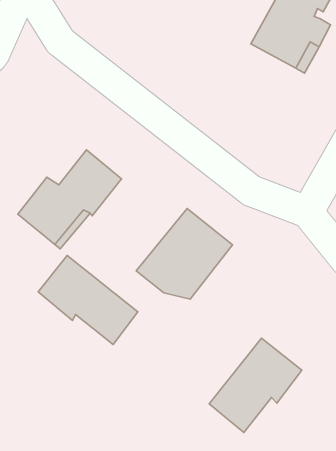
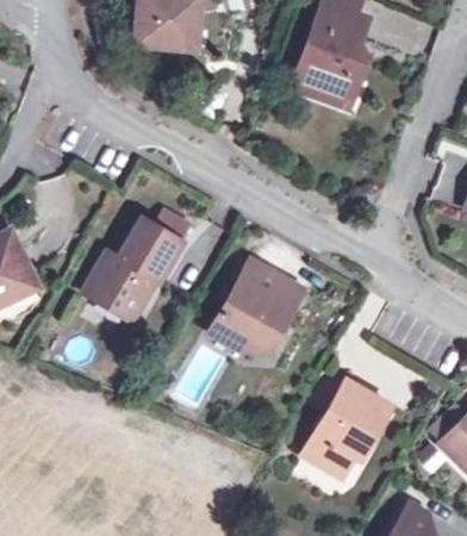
building: [38,256,138,345] -> none

